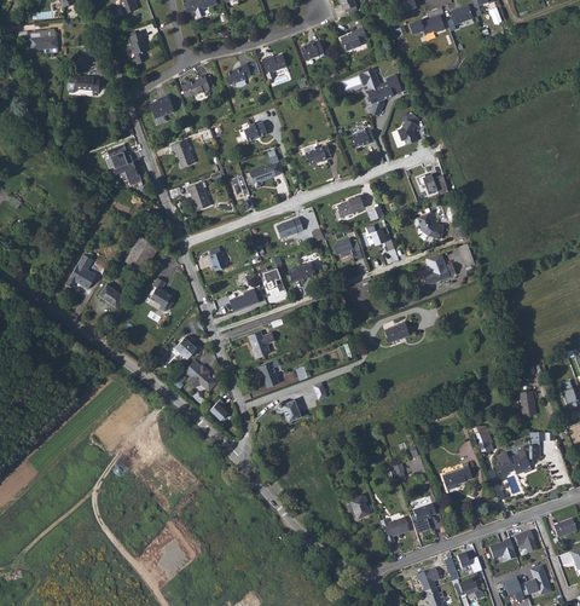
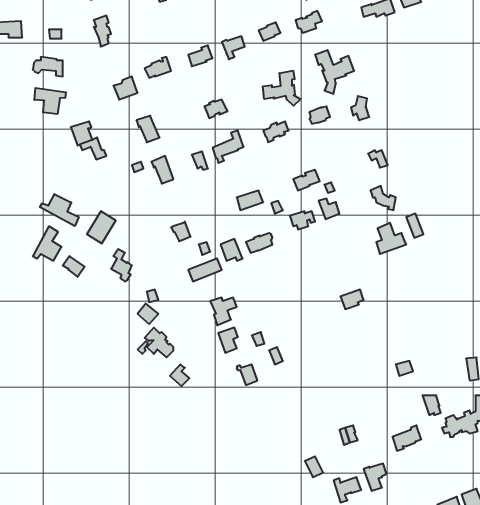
building: none -> [263,71,300,106]
building: none -> [34,88,66,114]
building: none -> [40,194,79,226]

